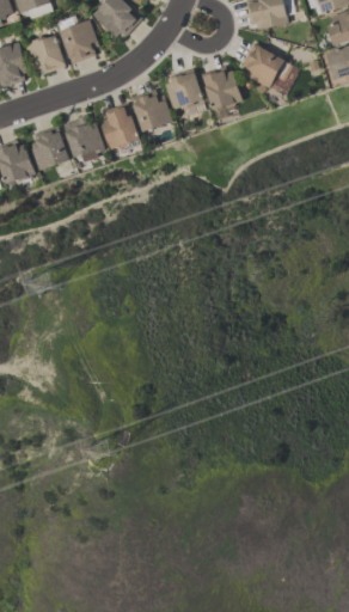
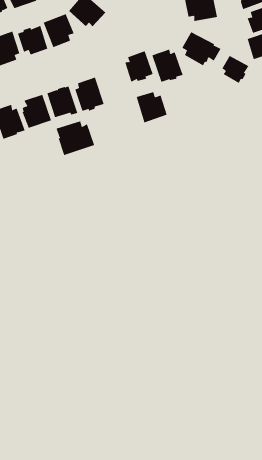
building: none -> [221,55,249,84]
building: [130,90,172,131] -> [136,91,167,123]
building: none -> [56,120,95,156]

